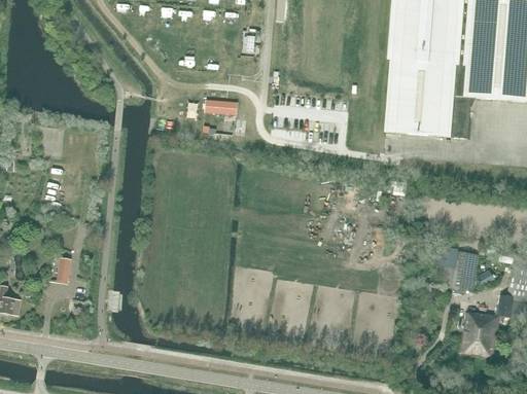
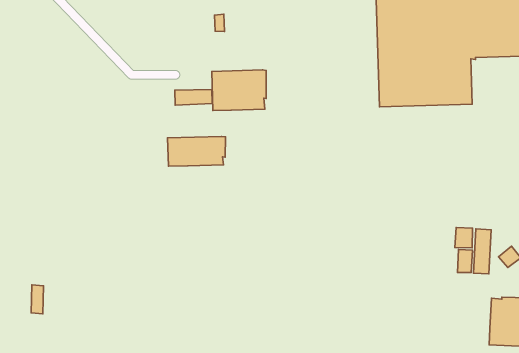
building: none -> [212,70,266,111]
building: none -> [168,136,225,166]

